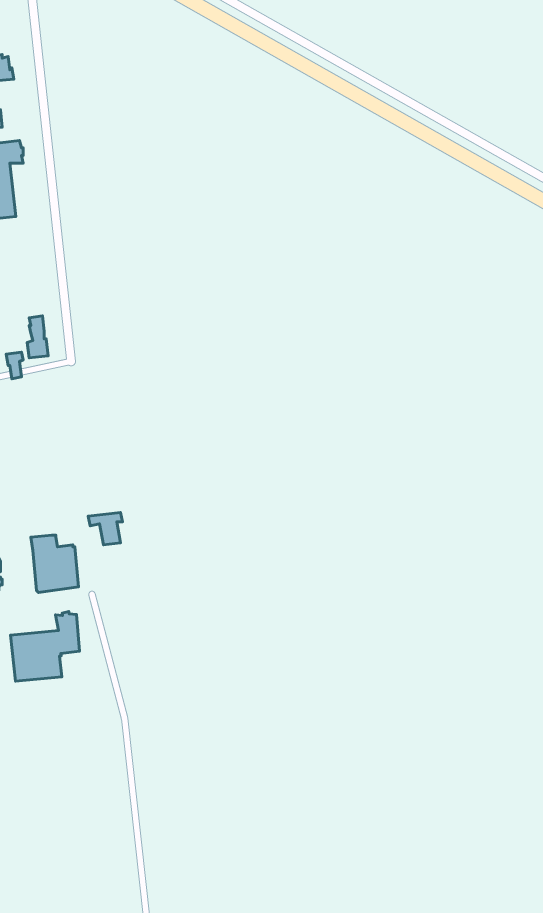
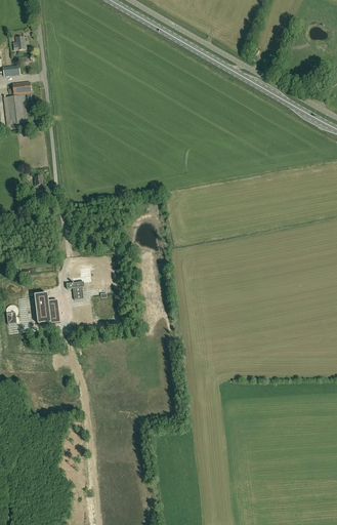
building: [10,612,80,681] -> none

